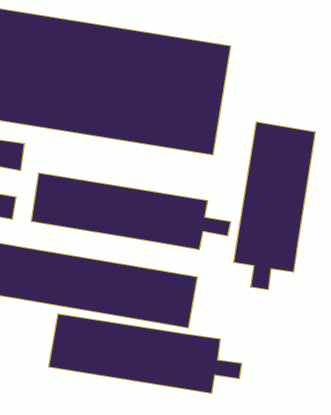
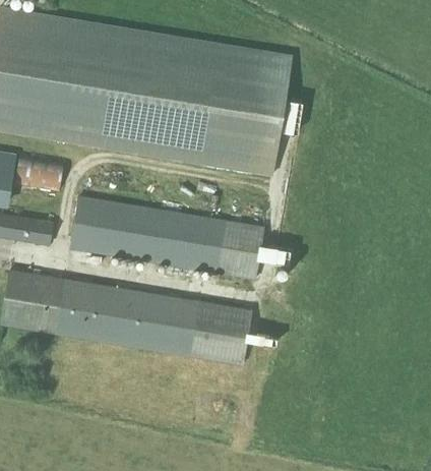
building: [234,122,315,290] -> none
building: [49,314,241,394] -> none

